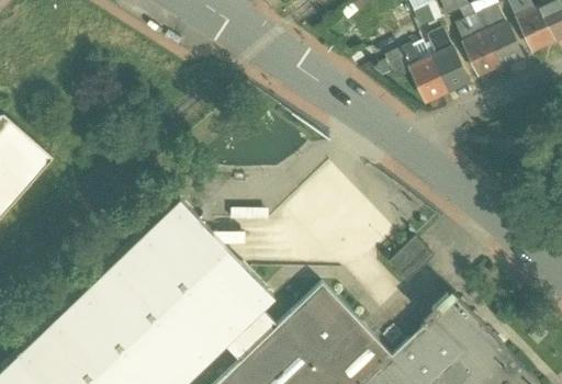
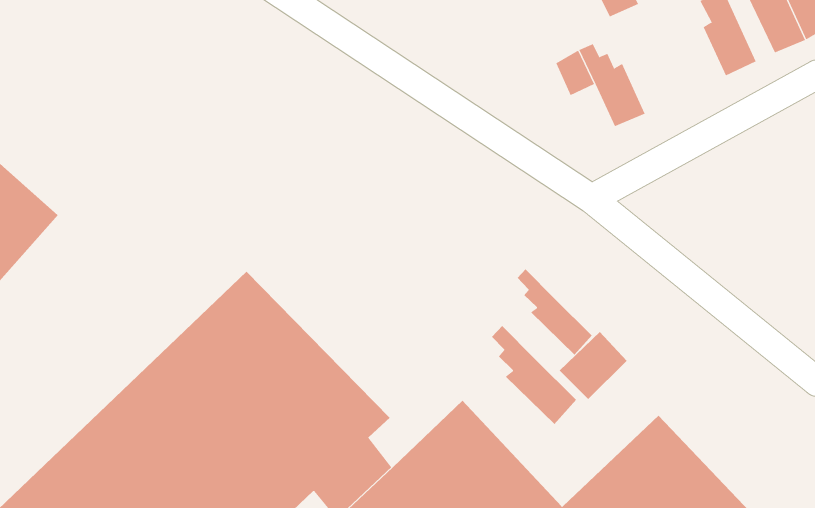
building: [454,22,499,78] -> none
building: [428,32,468,93] -> none
building: none -> [517,269,592,356]
building: none -> [491,325,577,425]

